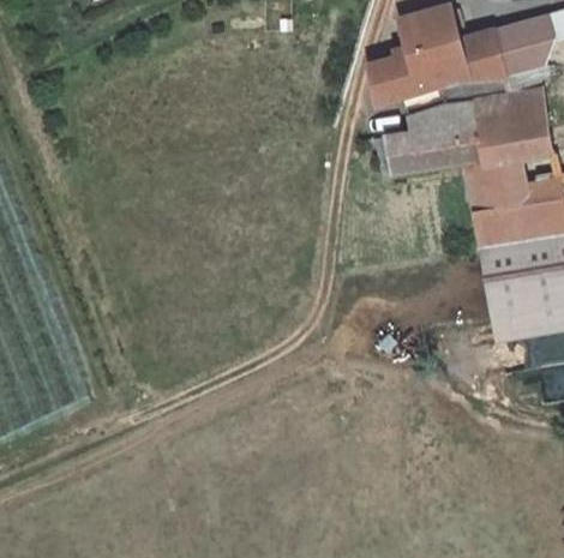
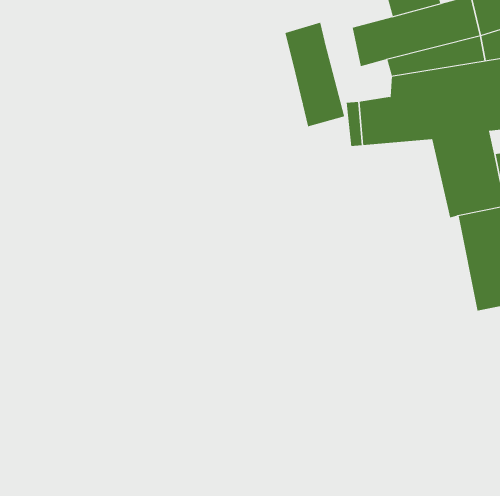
building: none -> [285,22,345,127]

